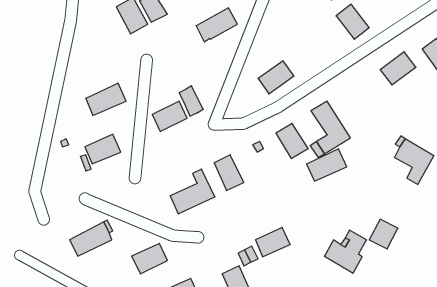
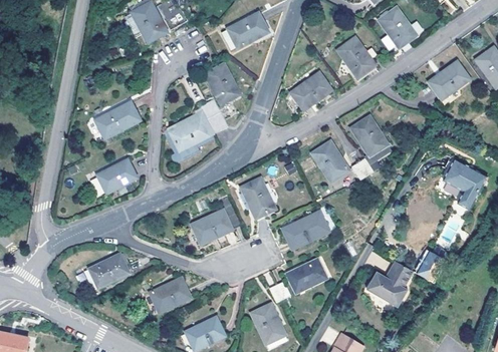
building: none -> [337,39,374,79]
building: none -> [205,65,239,104]
building: [306,149,347,181] -> [283,211,328,247]

